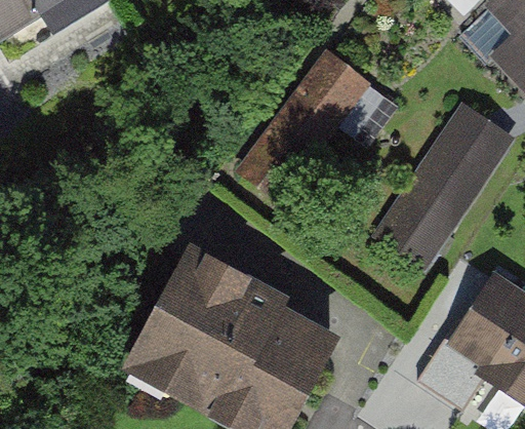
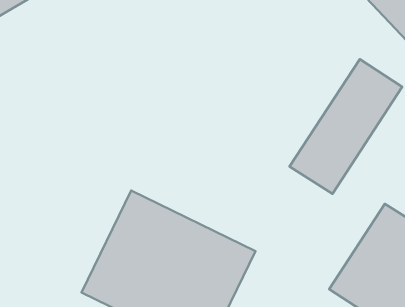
building: [269,38,386,161] -> none

